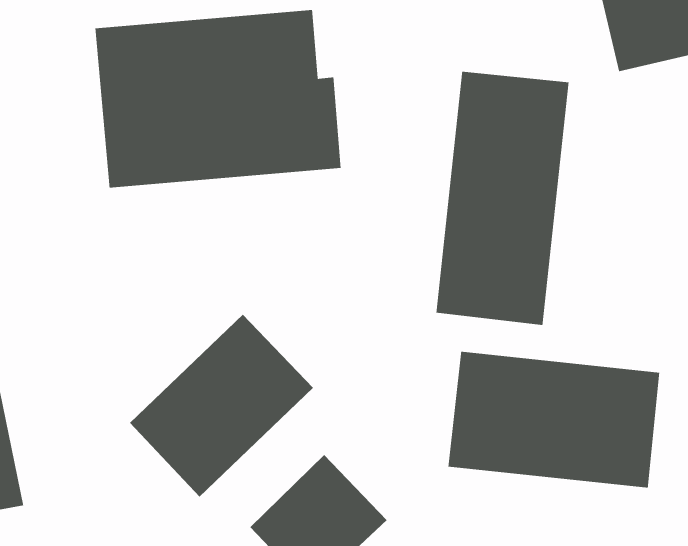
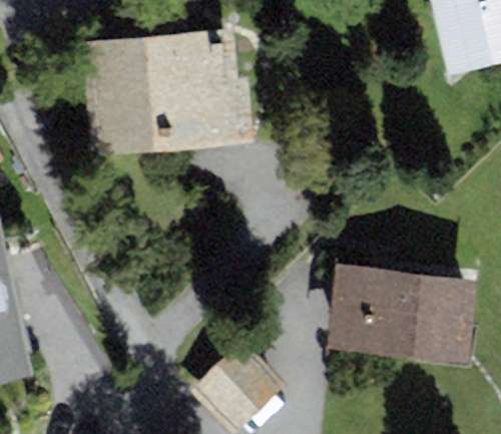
building: [436,71,569,326] -> none
building: [129,314,314,498] -> none

